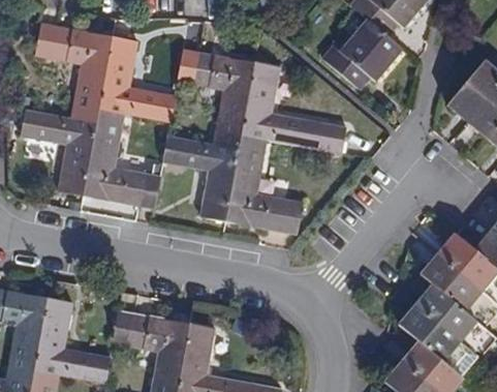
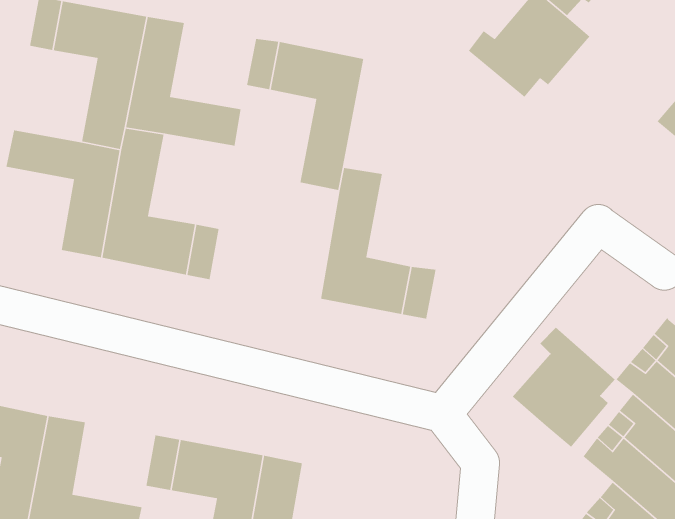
building: [242,63,345,153] -> none
building: [163,135,239,221] -> none
building: none -> [512,327,616,448]

